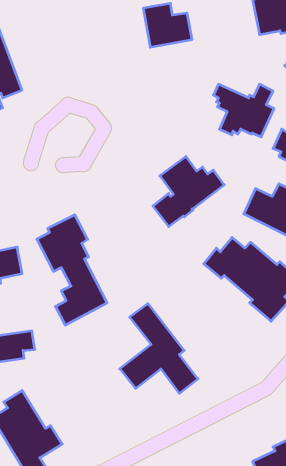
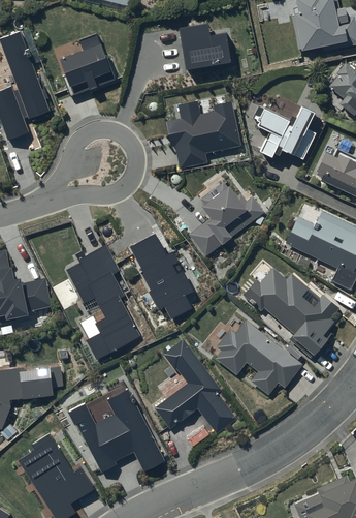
building: none -> [58,30,117,95]
building: none -> [165,100,240,169]
building: none -> [130,231,194,317]
building: none -> [216,319,302,395]
building: none -> [69,387,165,470]

